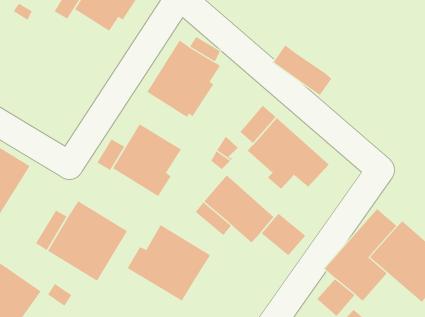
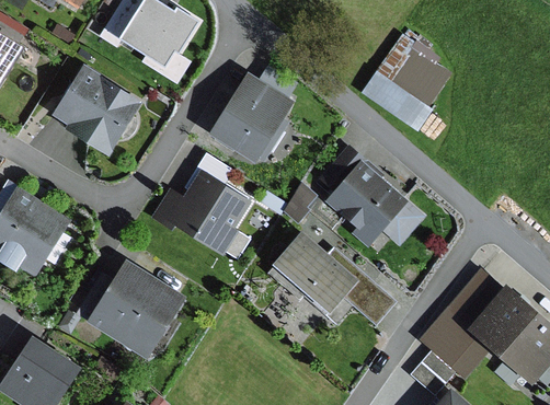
building: none -> [385,54,442,109]
building: none -> [53,65,142,155]
building: [127,224,211,302] -> none

